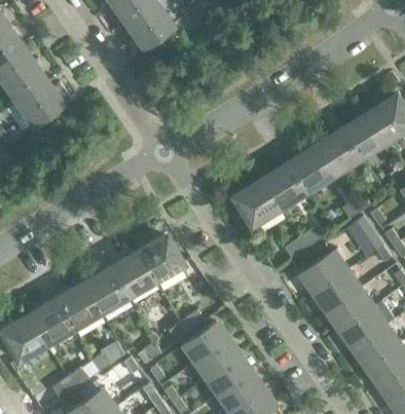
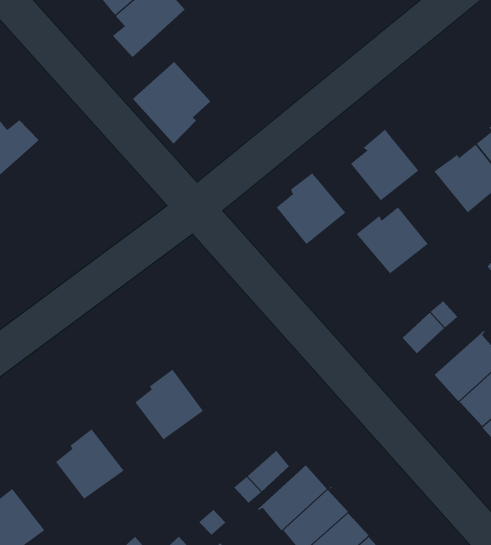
building: none -> [132,61,211,144]
building: [292,146,335,191] -> [350,129,419,201]
building: [237,180,282,225] -> [276,172,346,245]
building: [138,237,182,280] -> none
building: [82,270,126,312] -> none
building: [28,302,72,344] -> none

